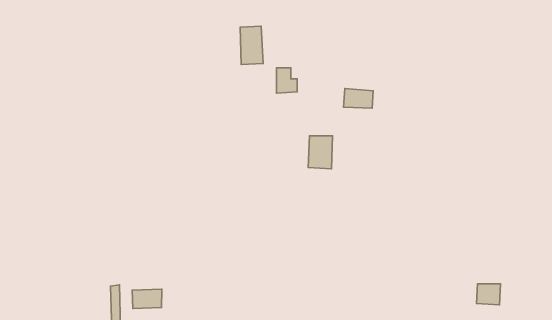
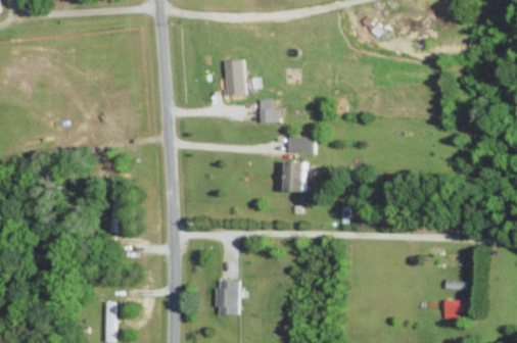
building: [344,89,373,108] -> [287,136,315,154]
building: none -> [217,281,240,314]
building: [132,289,162,308] -> none

